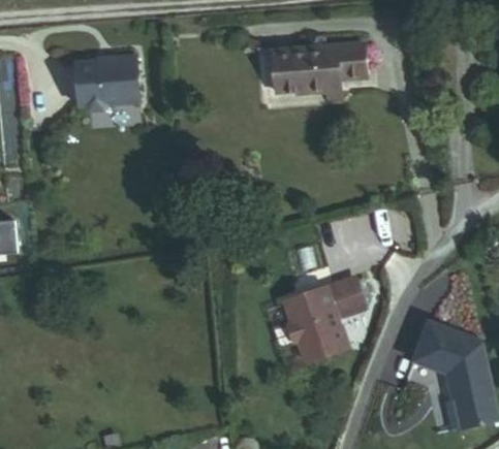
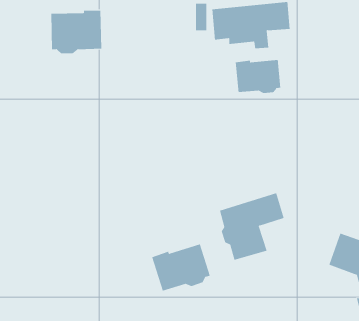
building: none -> [235,59,281,94]
building: none -> [152,244,210,291]

